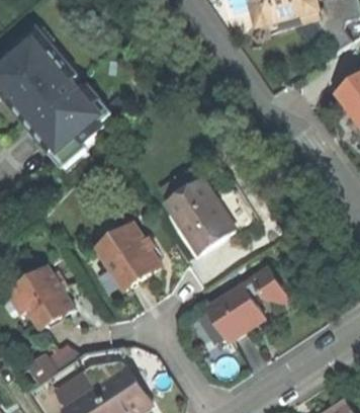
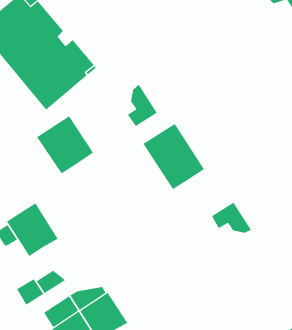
building: none -> [127,84,157,127]
building: [96,224,161,290] -> [36,116,94,174]
building: [206,284,264,340] -> none

